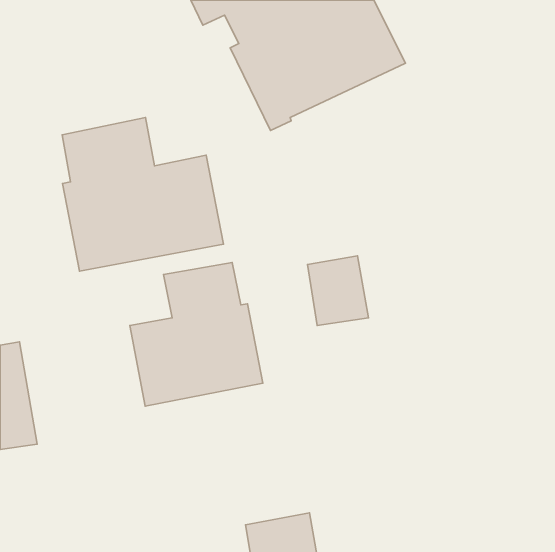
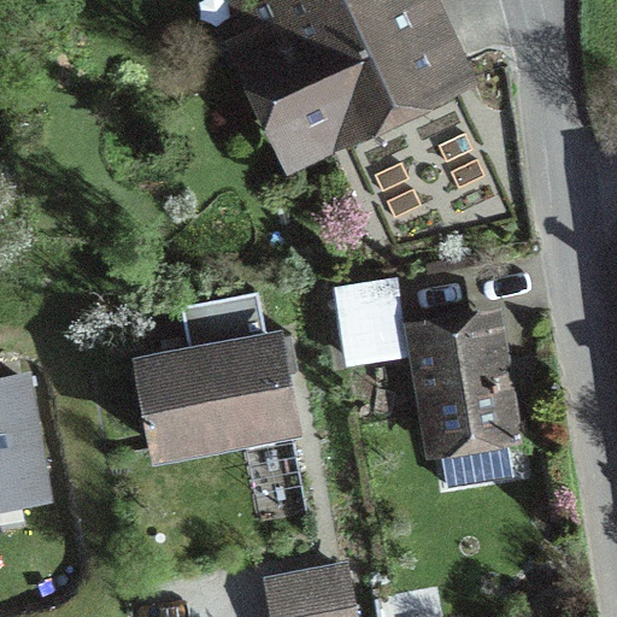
building: [62,117,223,271] -> none
building: none -> [424,330,509,443]

